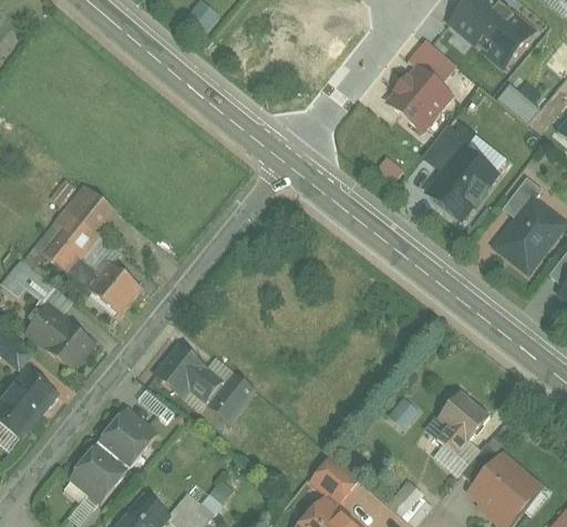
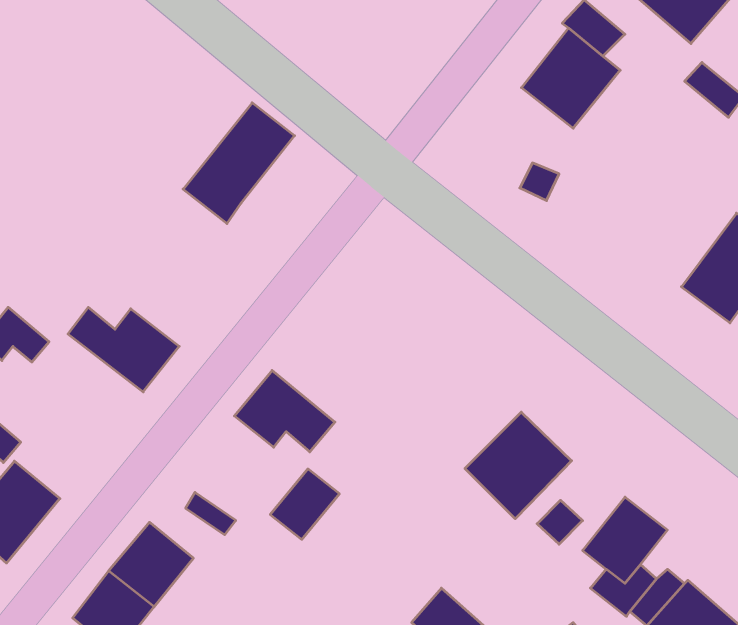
building: [423,122,512,223] -> none
building: [37,187,115,272] -> [183,103,295,224]
building: [23,304,95,372] -> none
building: none -> [465,412,572,519]
building: [152,343,223,401] -> [234,370,335,452]

